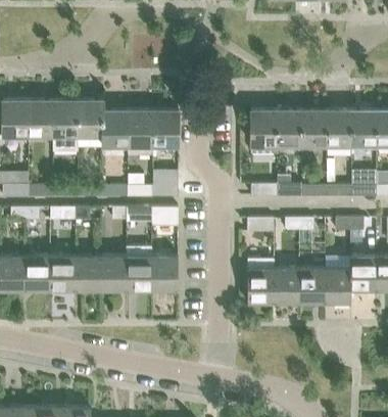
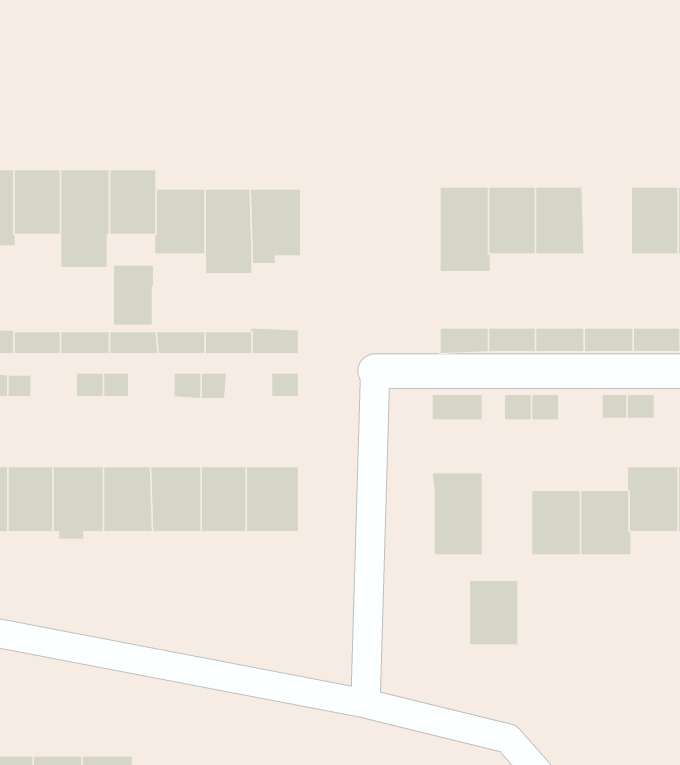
building: [326,110,351,145] -> none
building: none -> [113,265,154,326]
building: [274,269,299,303] -> [469,580,518,645]

